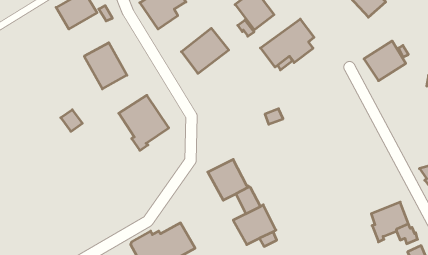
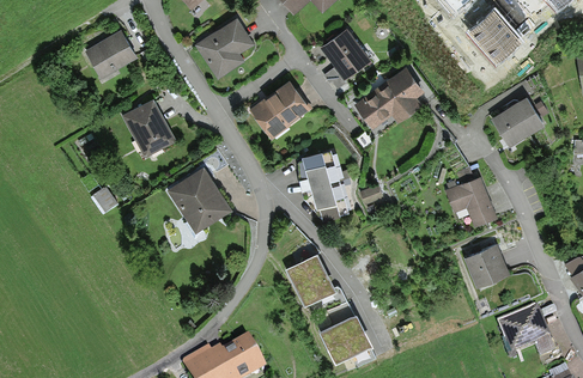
building: none -> [299,147,350,219]
building: none -> [445,175,498,227]
building: none -> [464,243,511,287]

